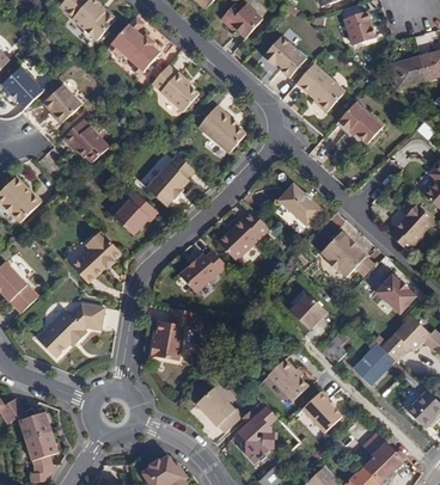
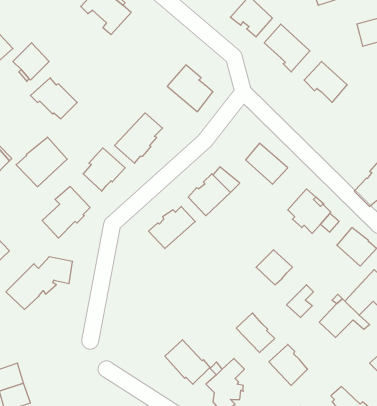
building: [152,66,200,112] -> none
building: none -> [16,137,67,187]
building: [151,309,196,362] -> none

